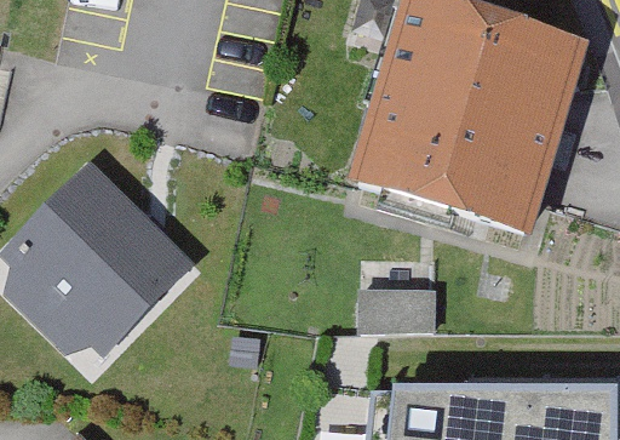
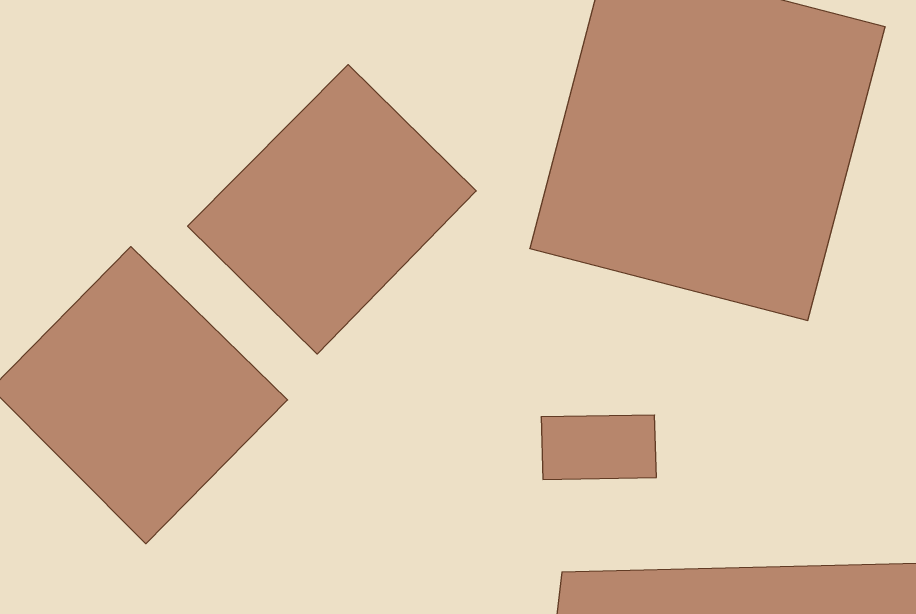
building: none -> [188,65,476,354]

